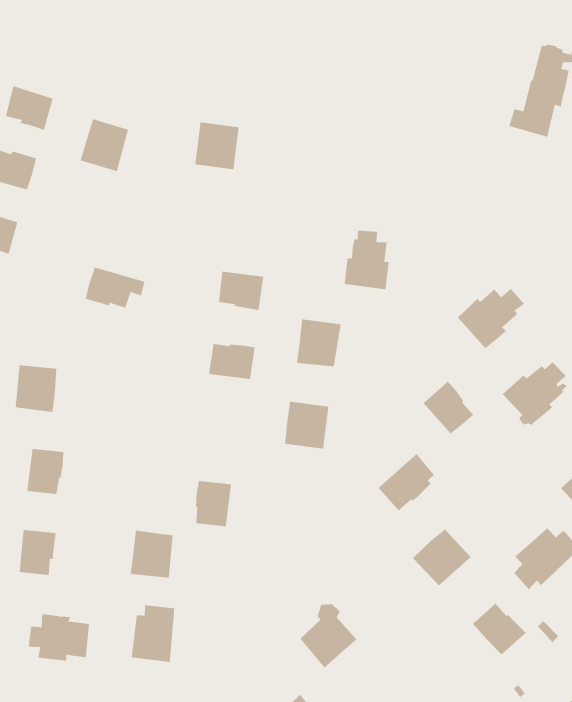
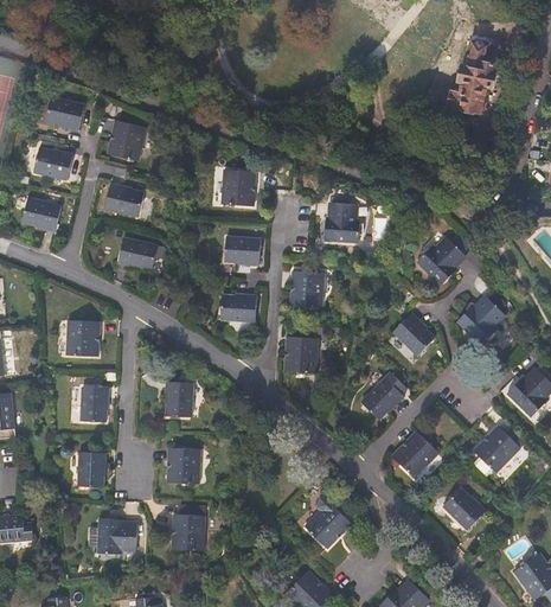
building: [194,122,240,170] -> [222,170,256,206]
building: none -> [104,183,145,217]
building: [195,481,232,527] -> [166,382,194,417]

